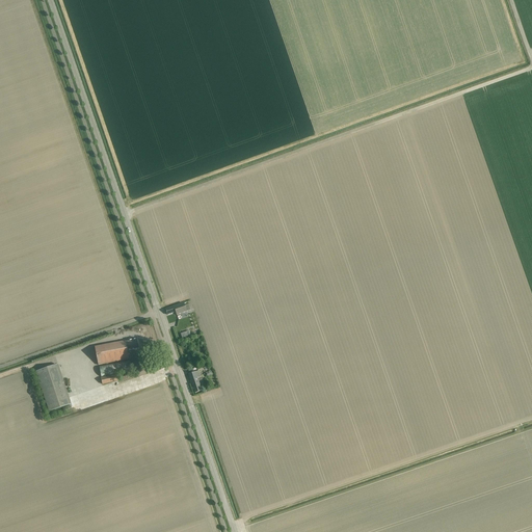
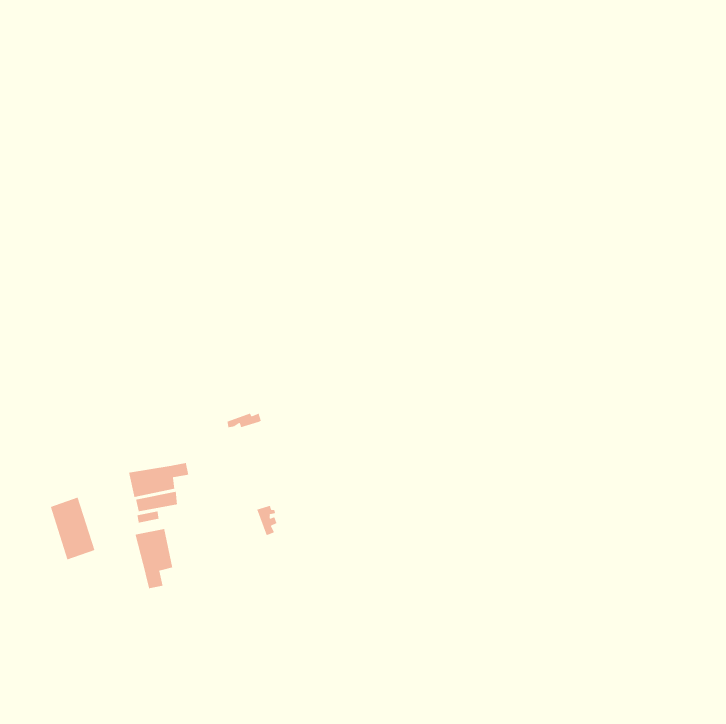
building: none -> [135,528,173,589]

